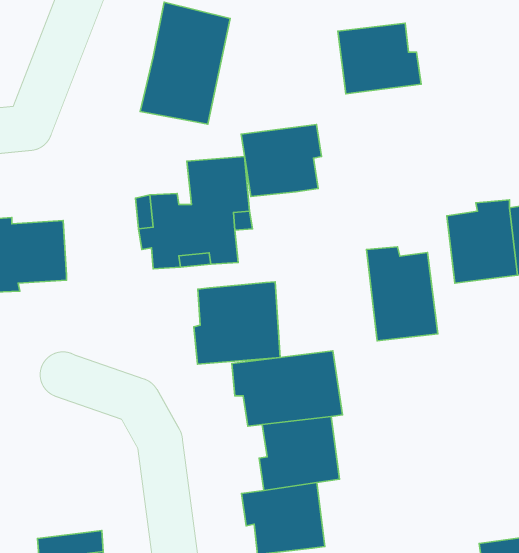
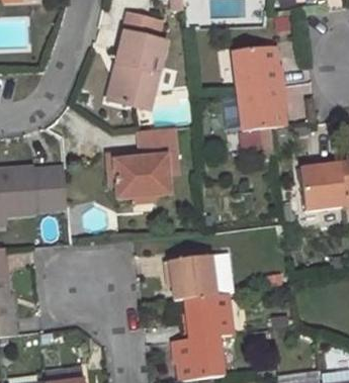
building: [241,124,321,197] -> [238,84,288,129]
building: [366,247,438,341] -> none
building: [194,282,280,364] -> none

